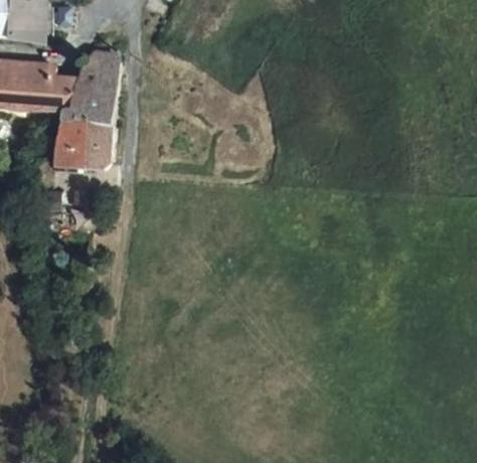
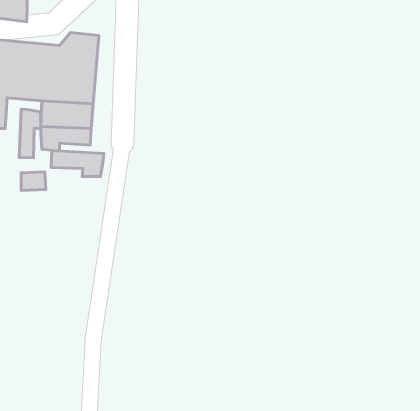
building: none -> [19,109,41,158]
building: none -> [51,151,104,177]

